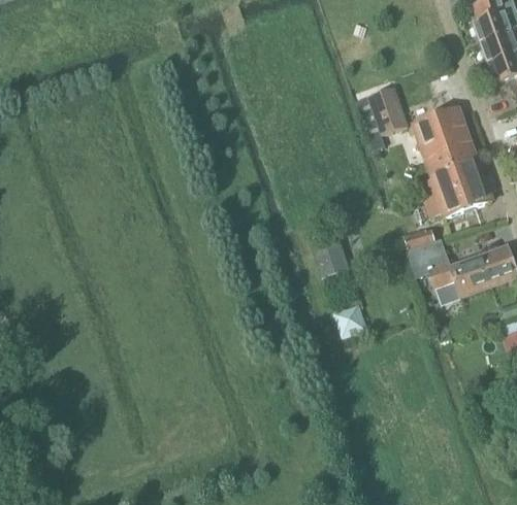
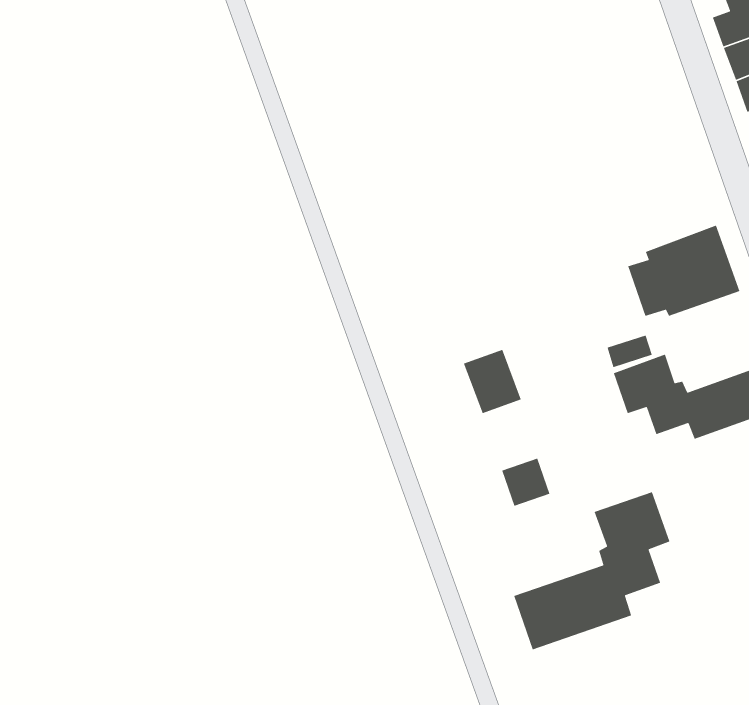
building: [366,87,407,134] -> none
building: [412,106,476,173] -> none
building: none -> [513,491,671,651]

